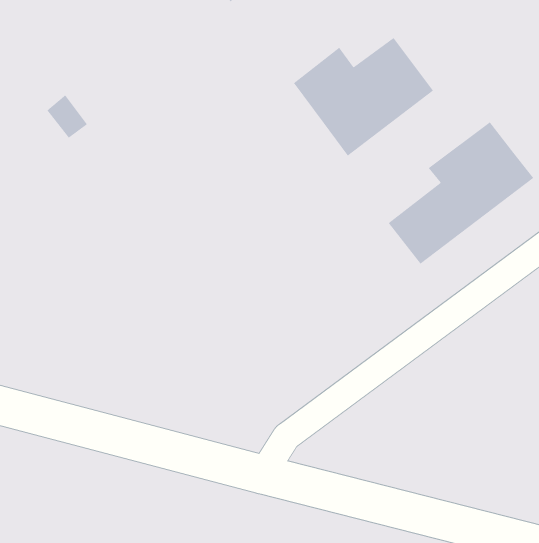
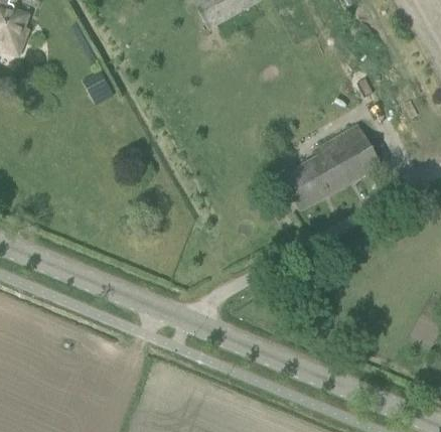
building: [293,37,434,156] -> none

